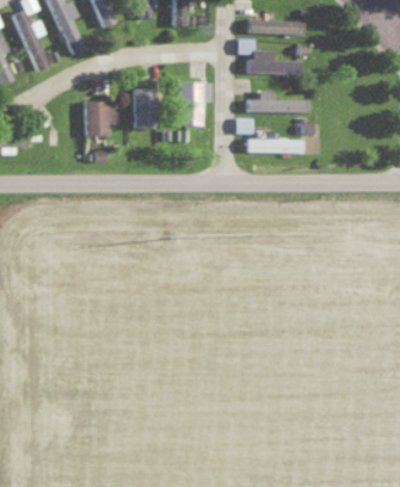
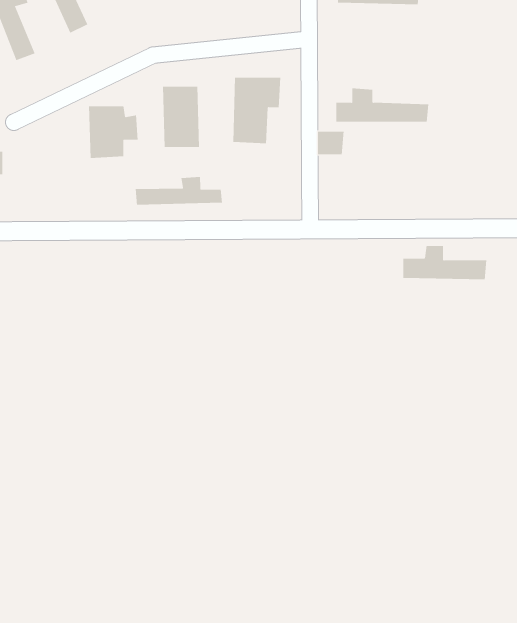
building: [238,38,302,73] -> none
building: [246,130,302,153] -> [402,245,487,280]
building: none -> [135,176,222,206]

